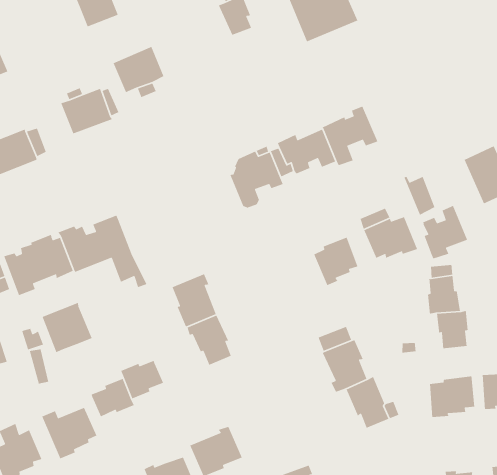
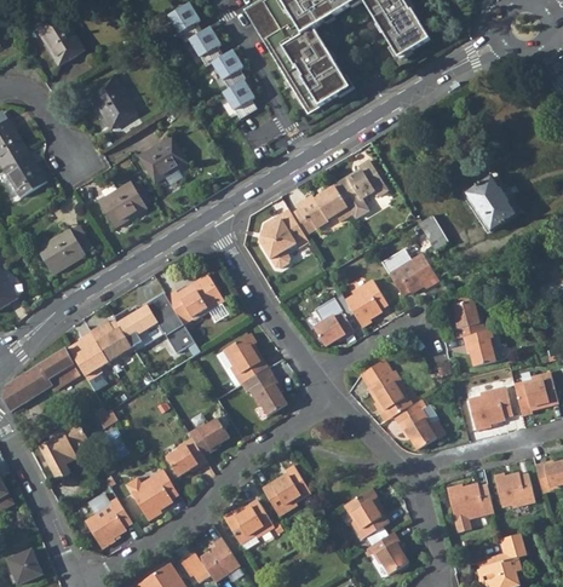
building: none -> [166,275,224,326]
building: [422,205,468,260] -> none
building: none -> [314,307,354,346]
building: [42,302,93,353] -> none

